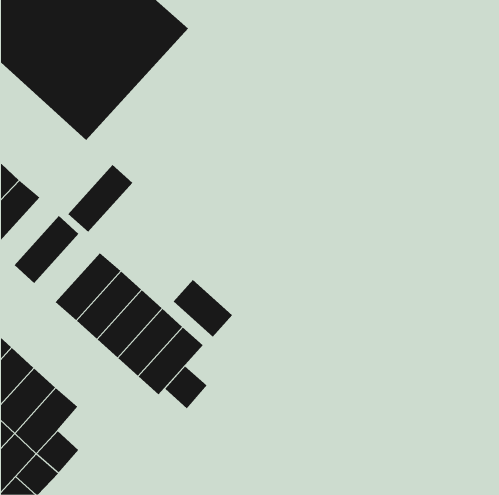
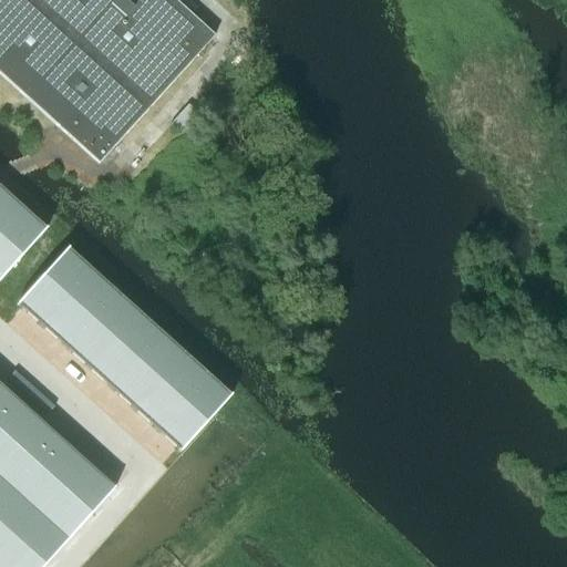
building: [68,164,133,233] -> [40,265,114,342]
building: [173,279,233,337] -> none
building: [164,366,208,409] -> none
building: none -> [66,461,115,509]

